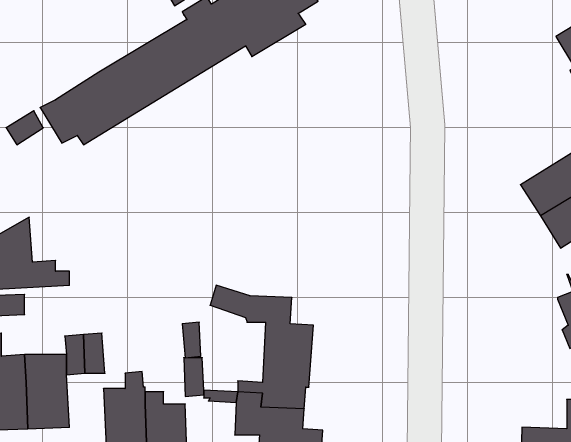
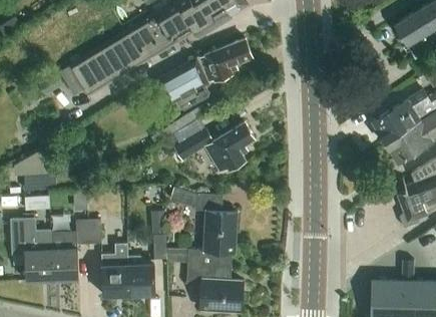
building: none -> [156,39,253,104]
building: none -> [173,118,255,173]

